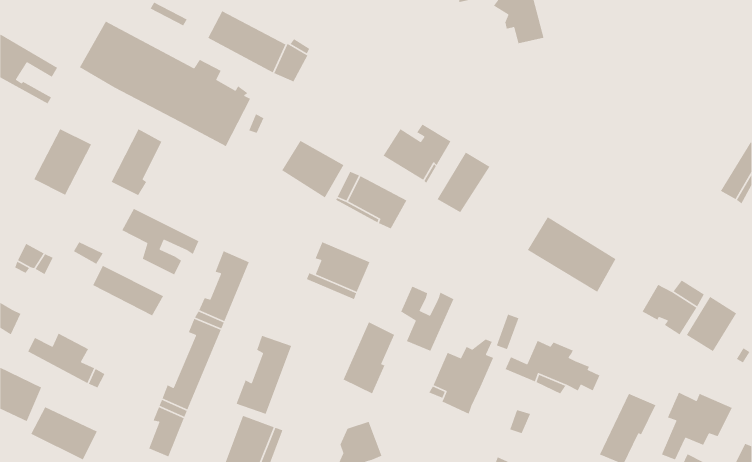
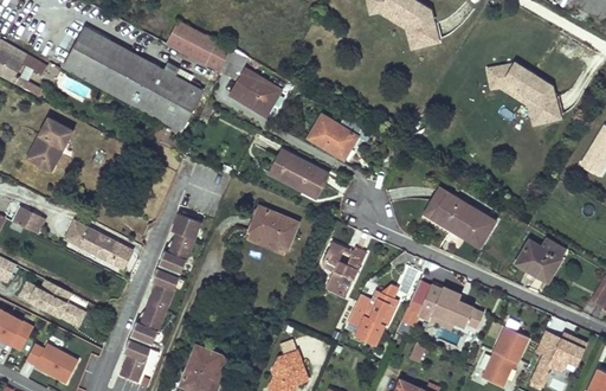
building: none -> [486,58,563,123]
building: [110,128,162,196] -> none
building: [281,140,344,199] -> [230,69,281,116]
building: [437,151,490,213] -> none
building: [121,208,199,276] -> none
building: [686,296,737,352] -> none
building: [342,321,395,395] -> none
building: [235,335,292,415] -> none

